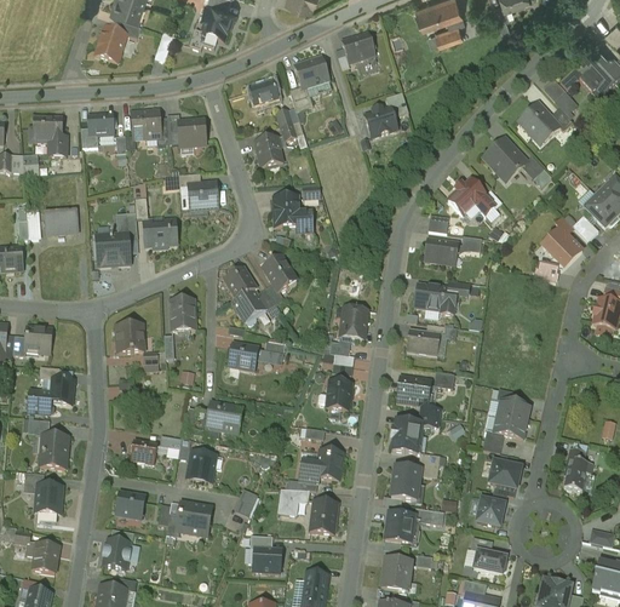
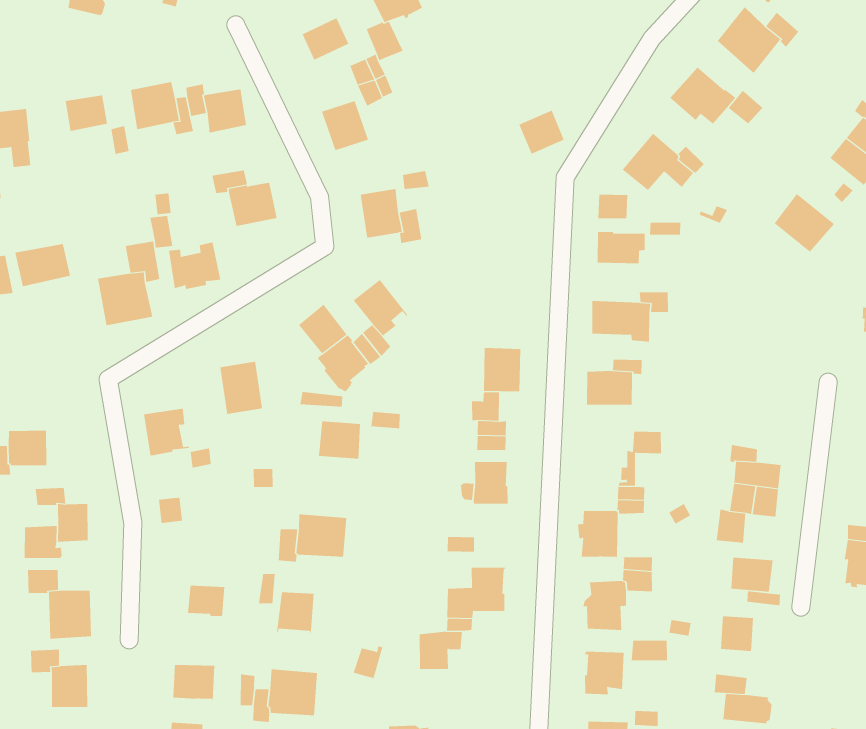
building: [364,108,394,136] -> [519,110,565,155]
building: [397,377,430,405] -> none
building: [310,500,338,534] -> none

